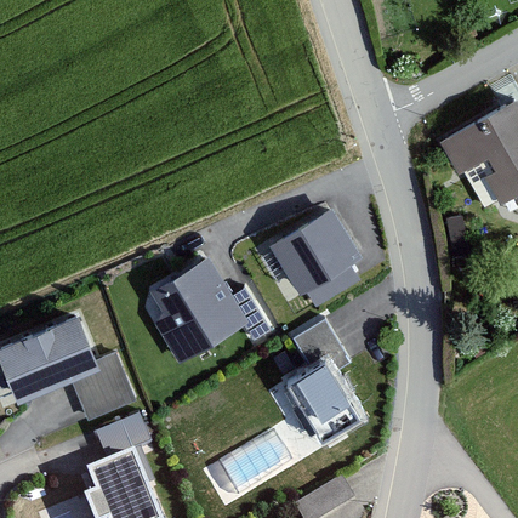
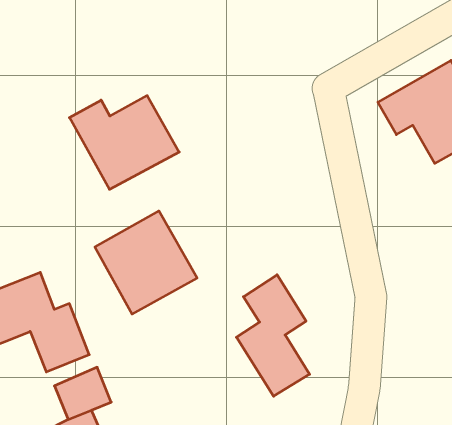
building: none -> [69,96,179,189]
building: [273,211,366,300] -> none

